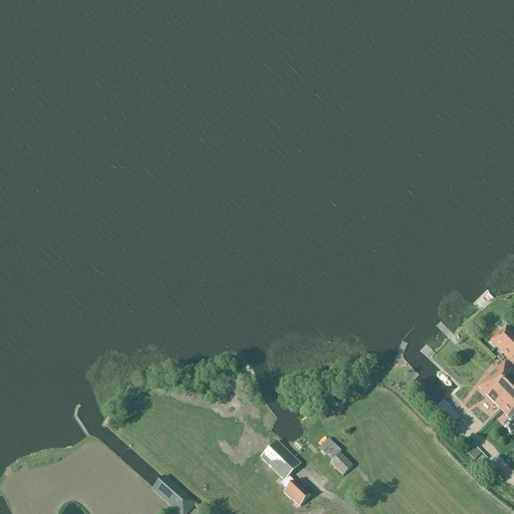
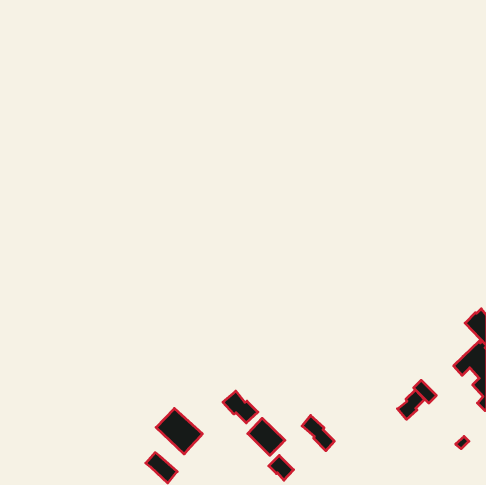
building: none -> [397,390,425,419]
building: none -> [223,391,258,423]
building: none -> [156,408,202,454]

